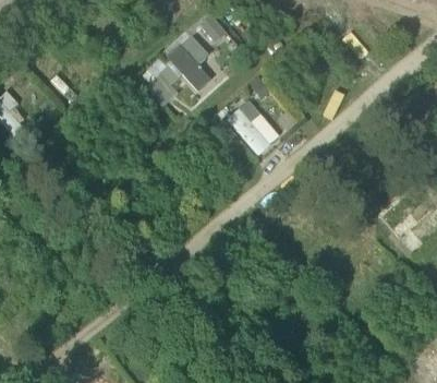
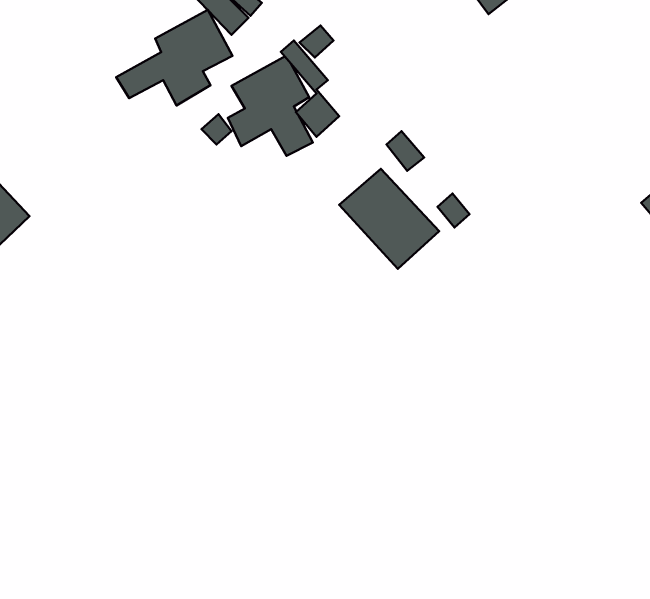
building: none -> [116,10,232,106]

